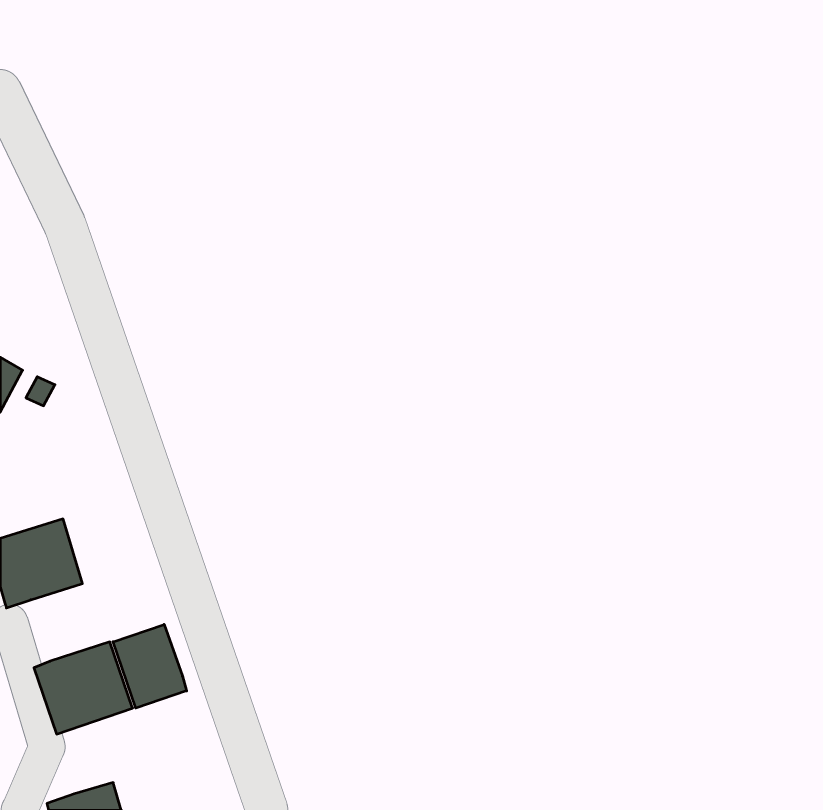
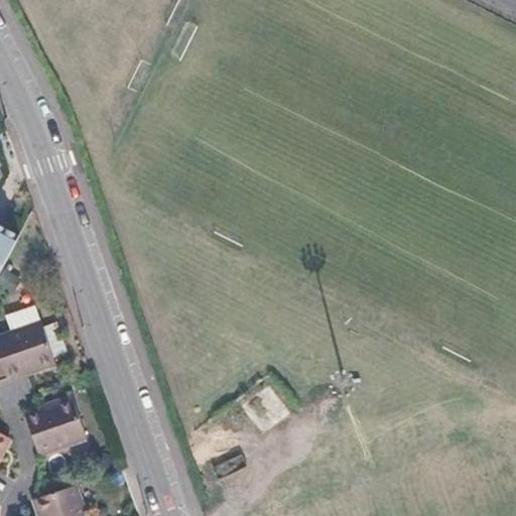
building: [113,624,187,708] -> none

